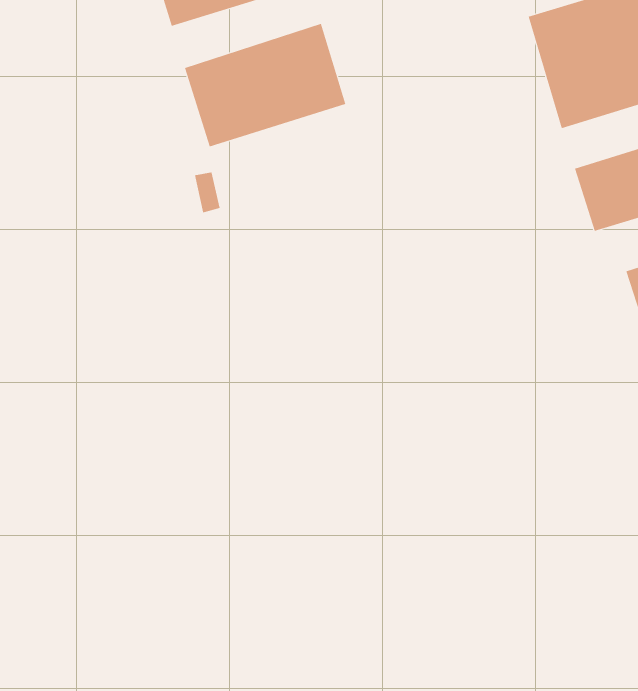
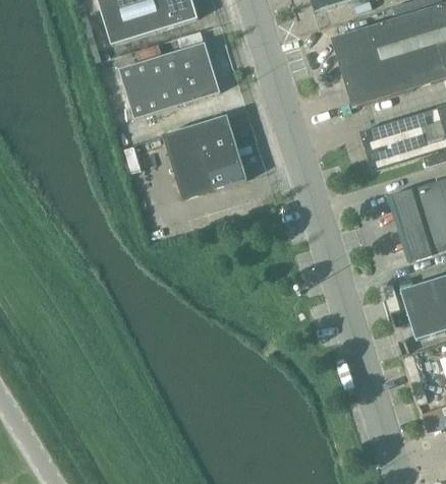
building: none -> [164,115,247,199]

